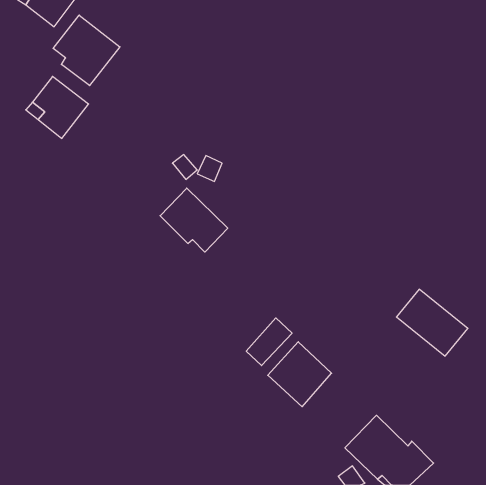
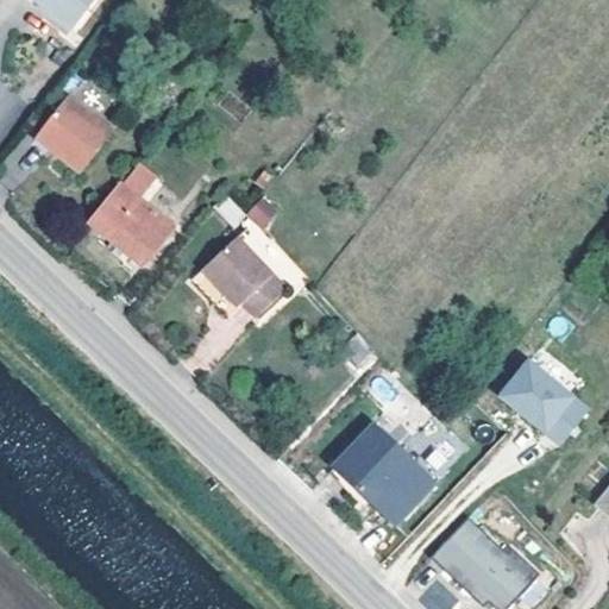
building: [53,15,120,86] -> none
building: none -> [89,164,174,265]
building: [246,318,292,366] -> [378,465,435,525]

